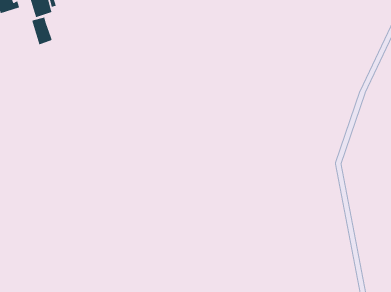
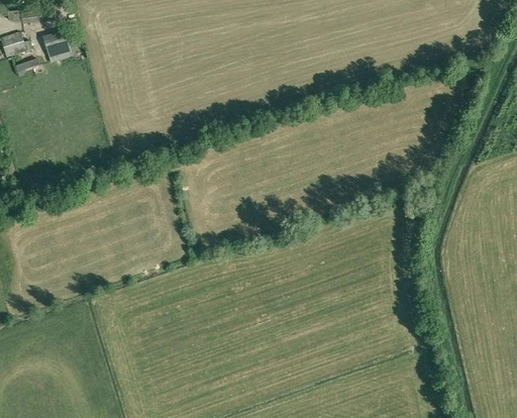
building: [31,16,53,46] -> none

